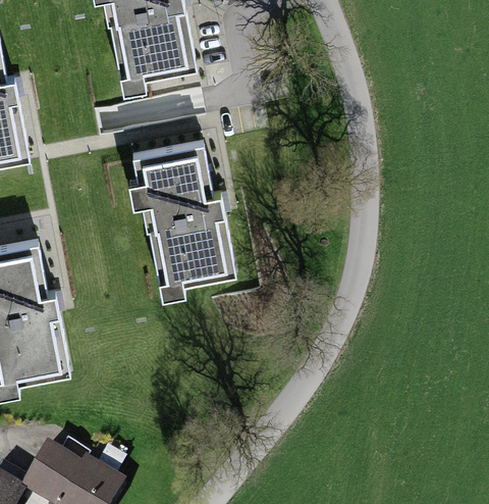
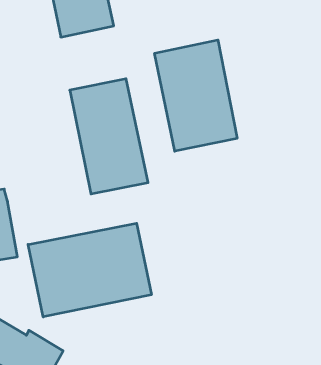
building: none -> [155,40,237,151]
building: none -> [28,223,151,317]

